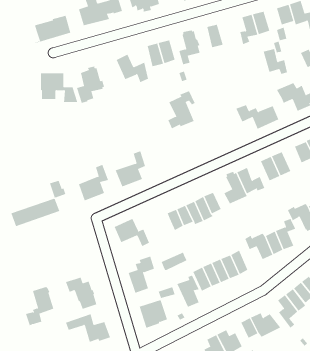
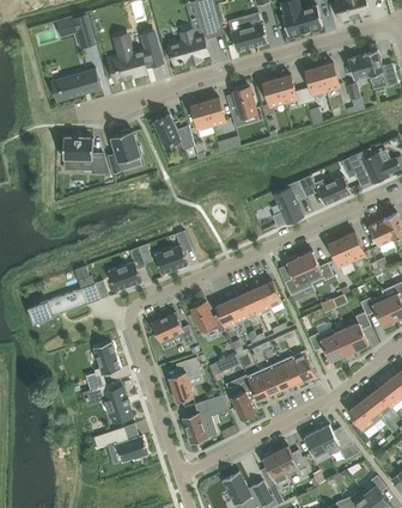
building: [263,49,288,74] -> [276,75,306,106]
building: [168,90,195,129] -> [272,180,305,227]
building: none -> [191,300,225,335]
building: [24,286,54,328] -> [84,342,120,392]

